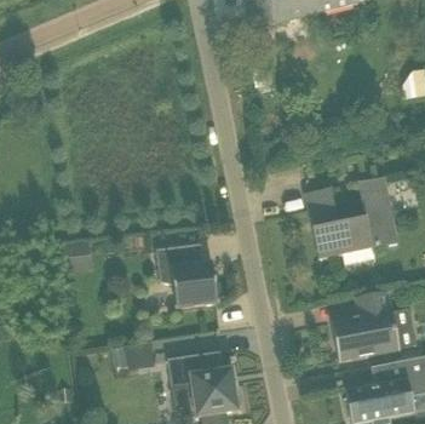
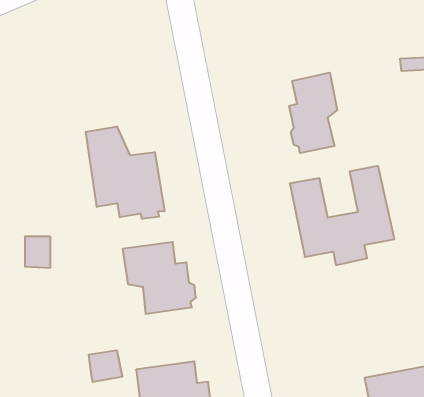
building: none -> [289,73,337,153]
building: none -> [86,126,164,219]
building: [331,290,398,360] -> none

